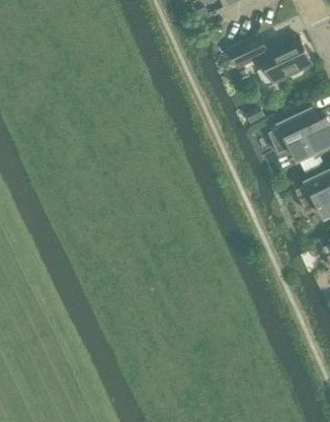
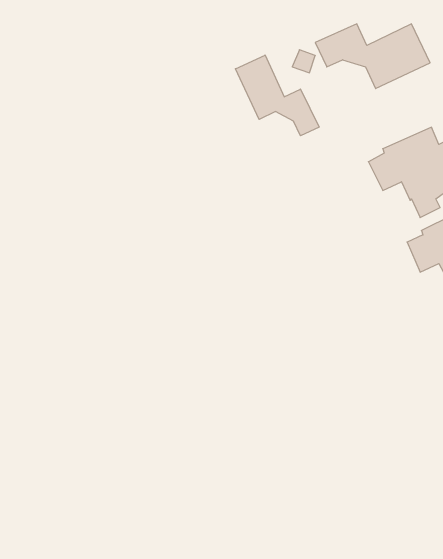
building: none -> [235,55,319,136]

